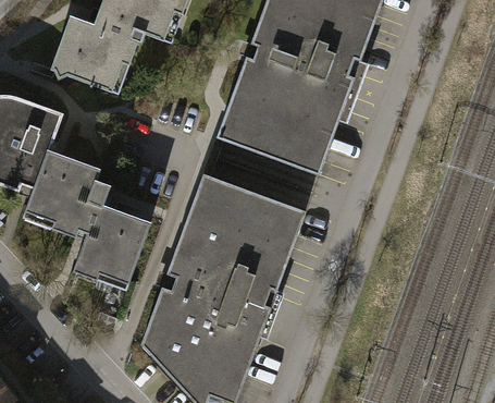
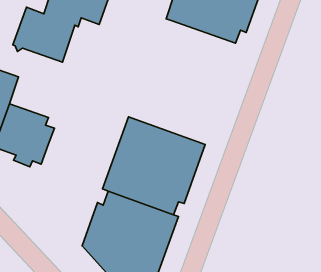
building: [220,39,356,169] -> none
building: [75,204,149,289] -> none

